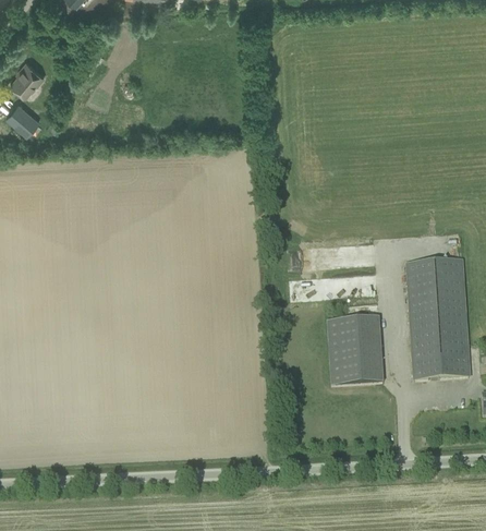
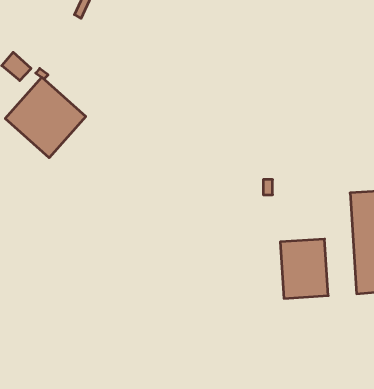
building: [11,59,46,95] -> none
building: none -> [5,77,86,158]

